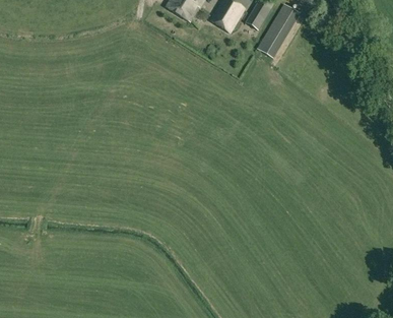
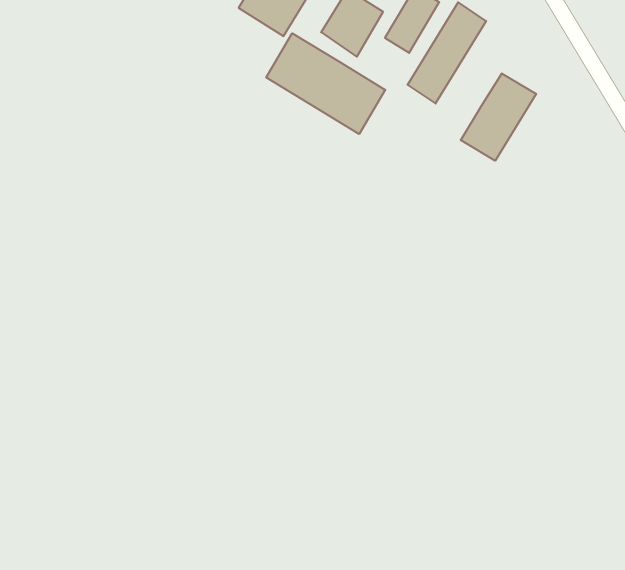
building: none -> [266,33,385,134]
building: none -> [461,73,536,161]

